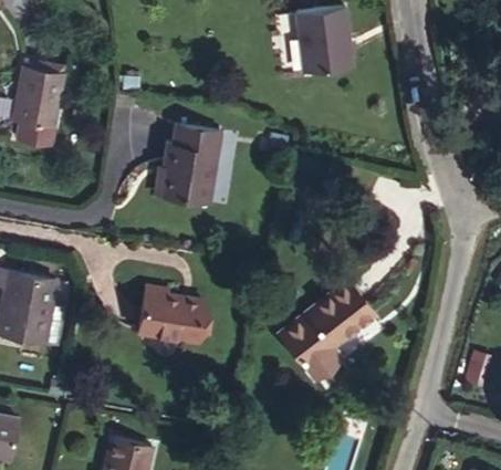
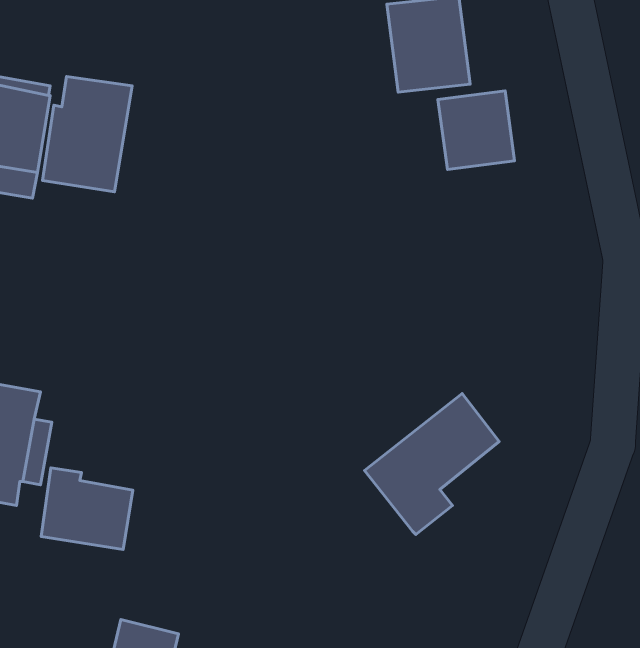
building: none -> [438,91,515,169]
building: [159,125,221,205] -> [43,76,132,192]
building: [139,286,202,343] -> [41,468,133,549]

